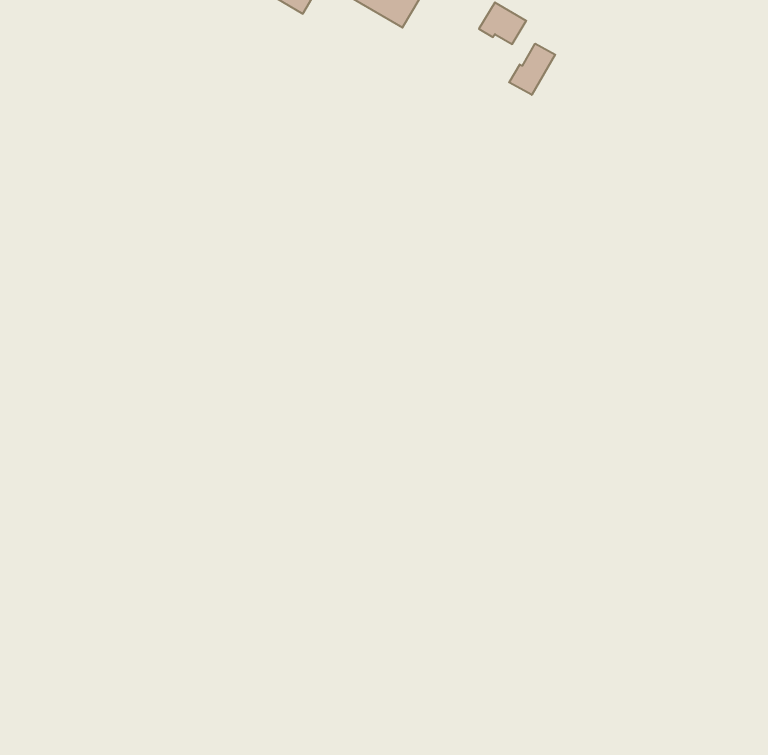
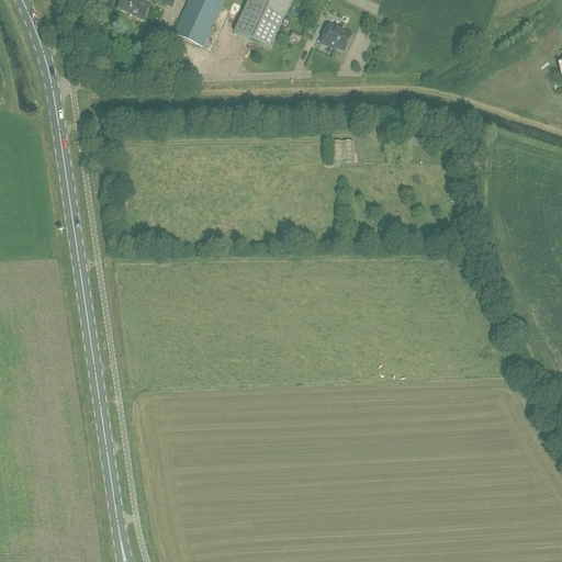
building: [509,44,555,95] -> none

